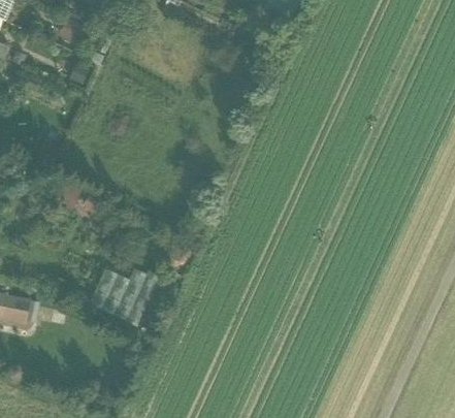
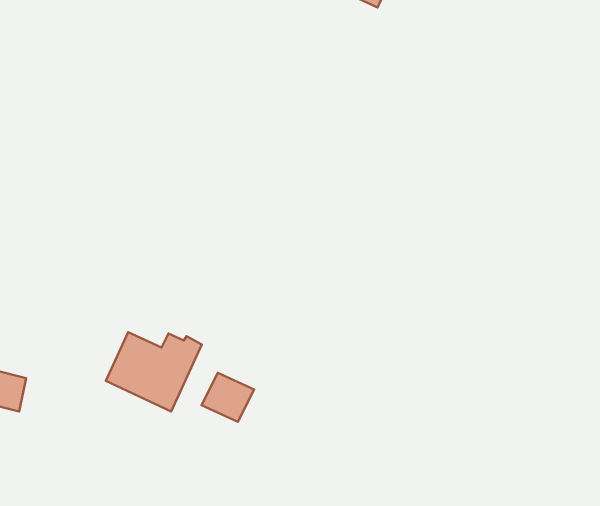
building: none -> [201,373,254,422]

